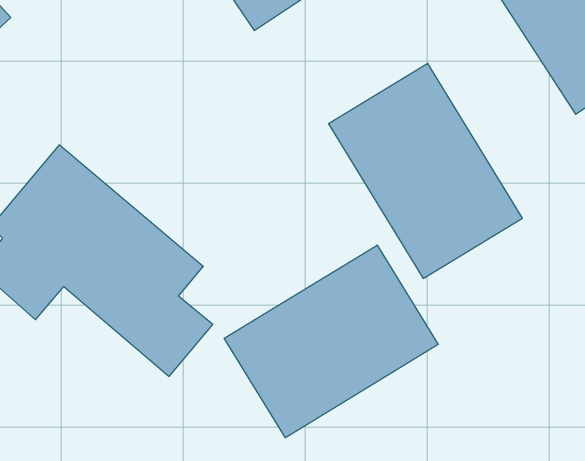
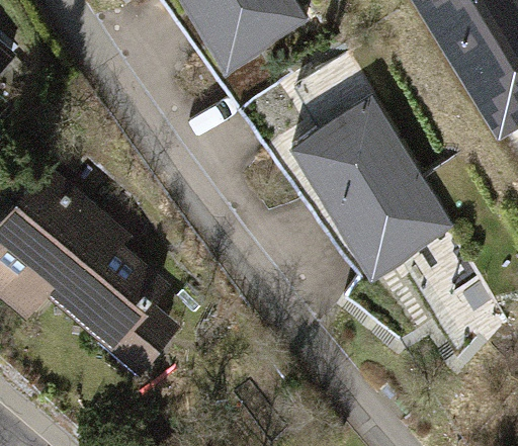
building: [224,245,438,438] -> none

